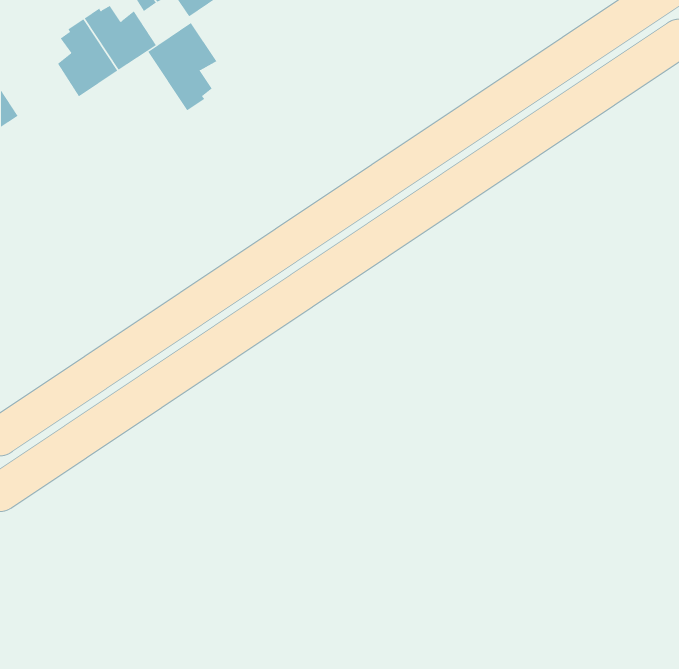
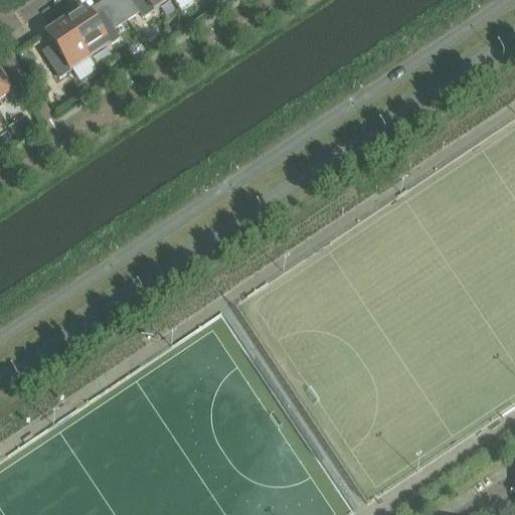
building: [147,22,217,111] -> none

